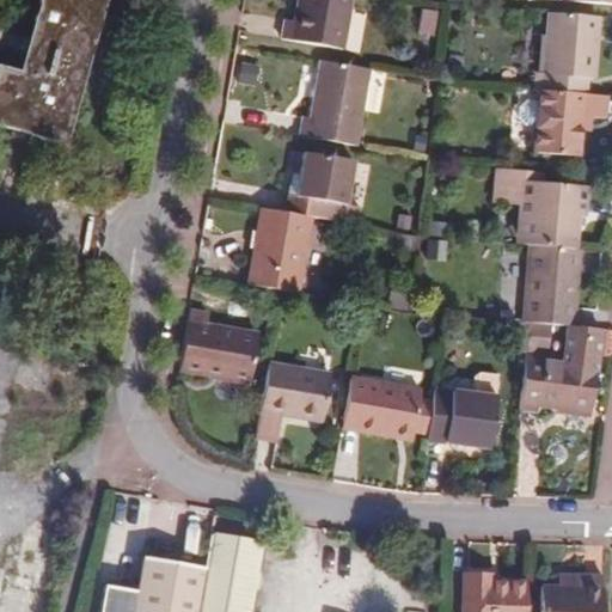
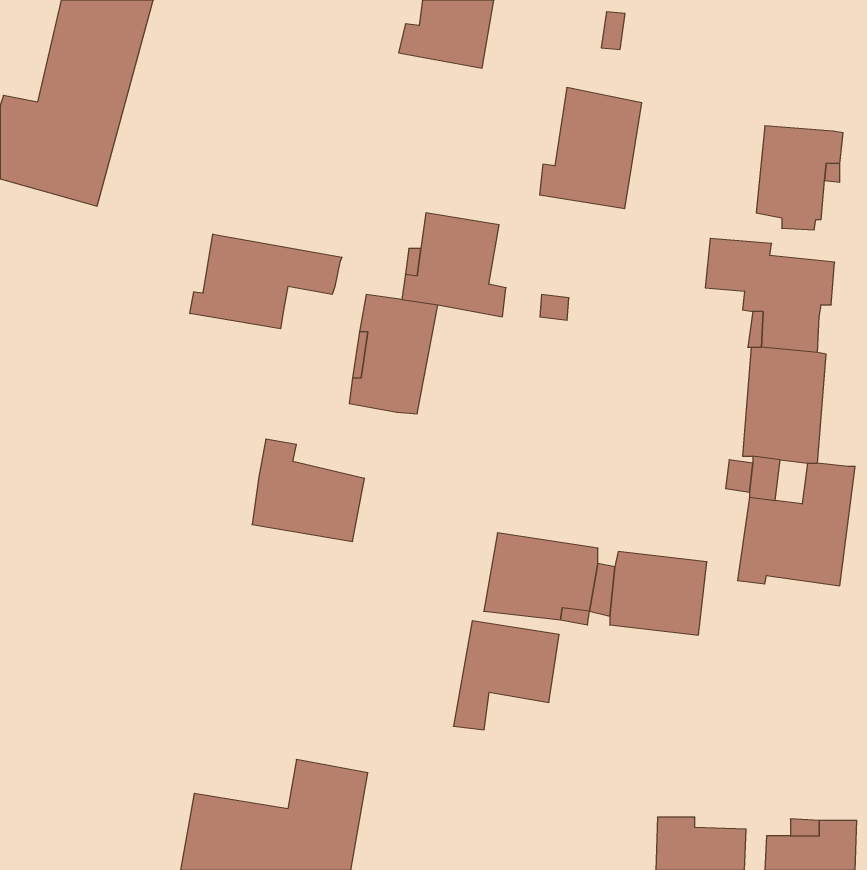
building: [534,12,600,92] -> none
building: [301,60,373,145] -> [540,88,642,209]
building: none -> [190,234,342,329]
building: [256,363,330,440] -> [453,621,559,730]

